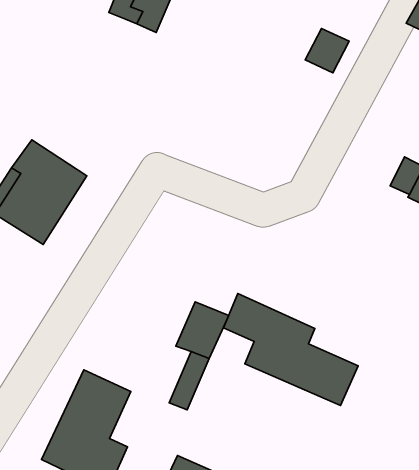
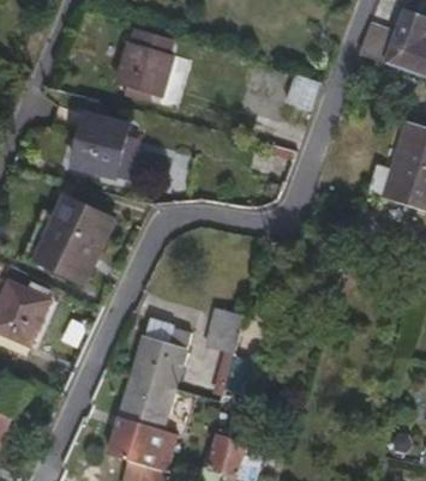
building: none -> [70,114,127,176]
building: [224,293,358,405] -> none
building: none -> [133,326,191,386]

